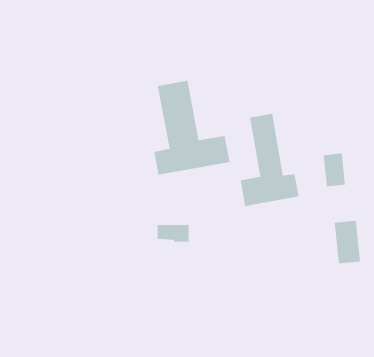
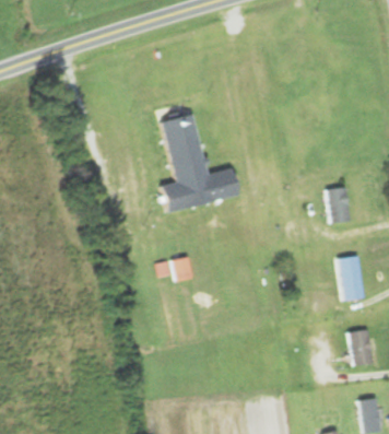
building: [240,113,299,207] -> none
building: none -> [347,329,373,365]

